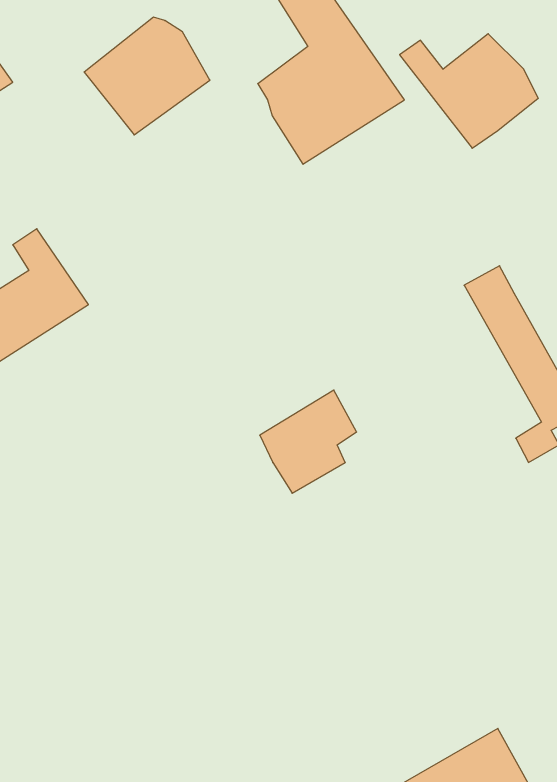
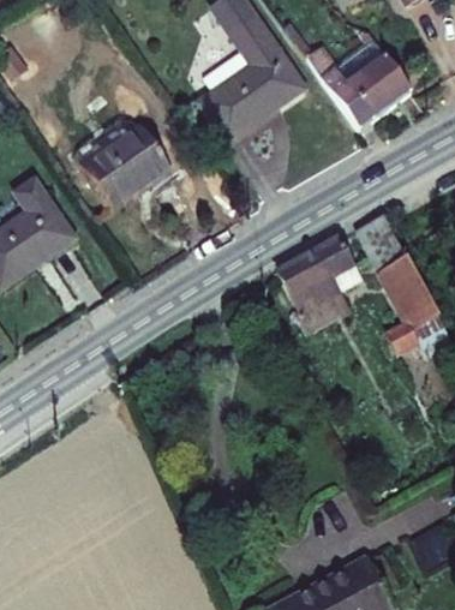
building: [84,17,210,135] -> [76,119,169,207]
building: [260,390,357,493] -> [279,240,351,317]

